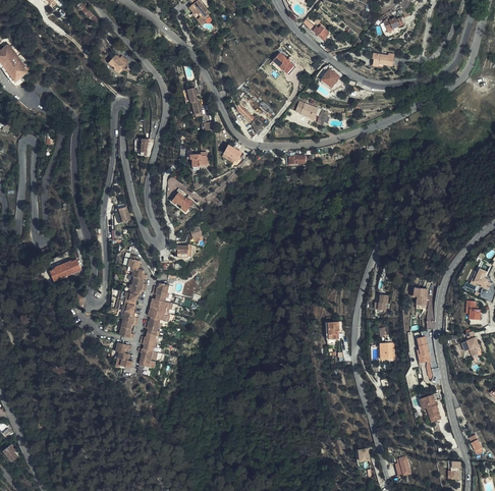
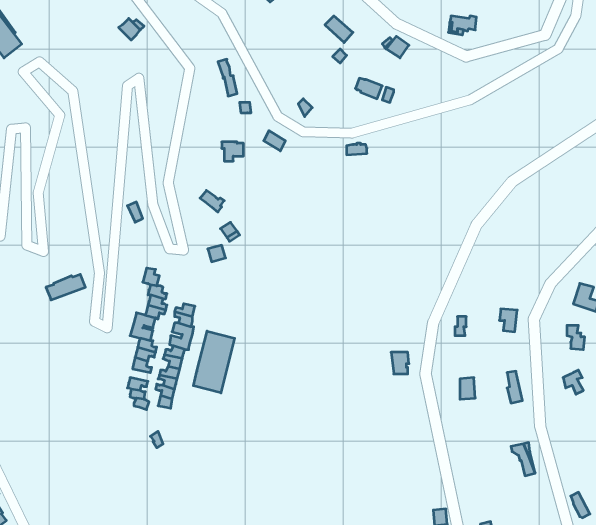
building: none -> [193,331,235,393]

